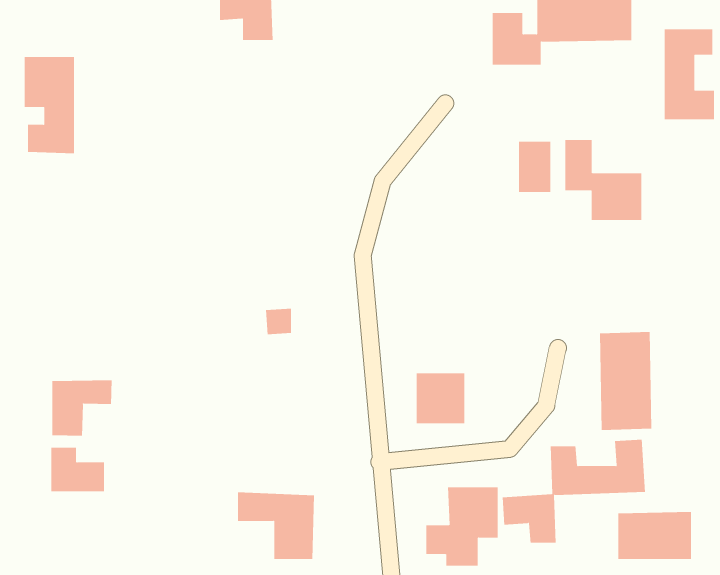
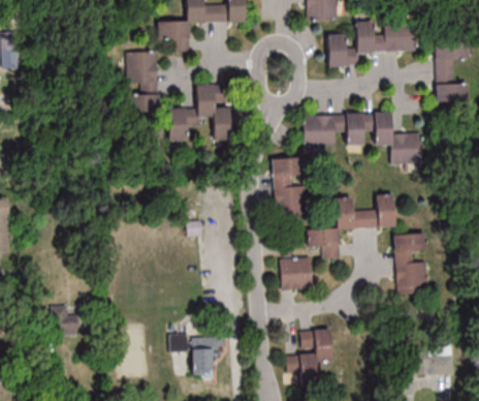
building: [24,56,75,154] -> [127,51,159,112]
building: none -> [168,83,246,141]
building: none -> [304,115,339,146]
building: none -> [273,156,306,212]
building: [52,379,112,437] -> none
building: [502,439,646,543] -> [306,193,395,258]

